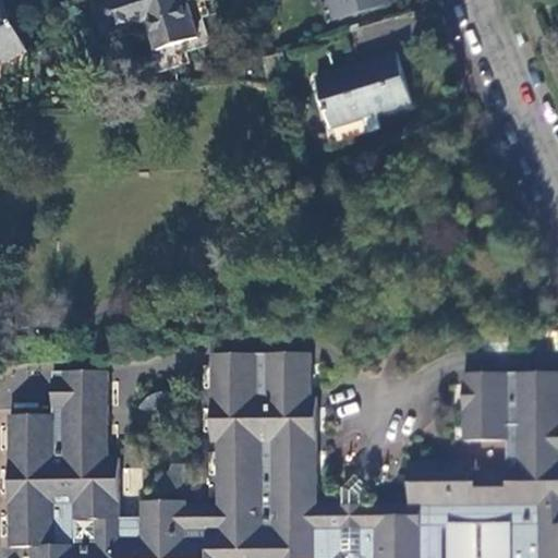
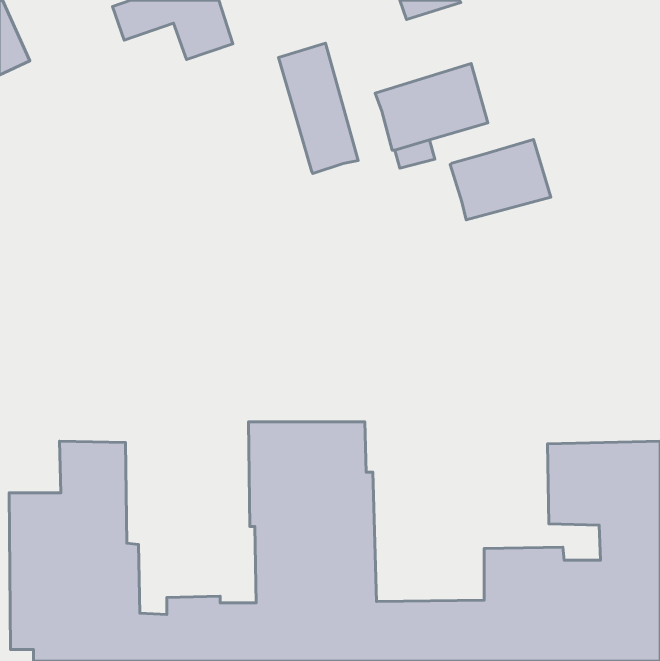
building: none -> [278,43,358,173]
building: none -> [450,139,551,220]

